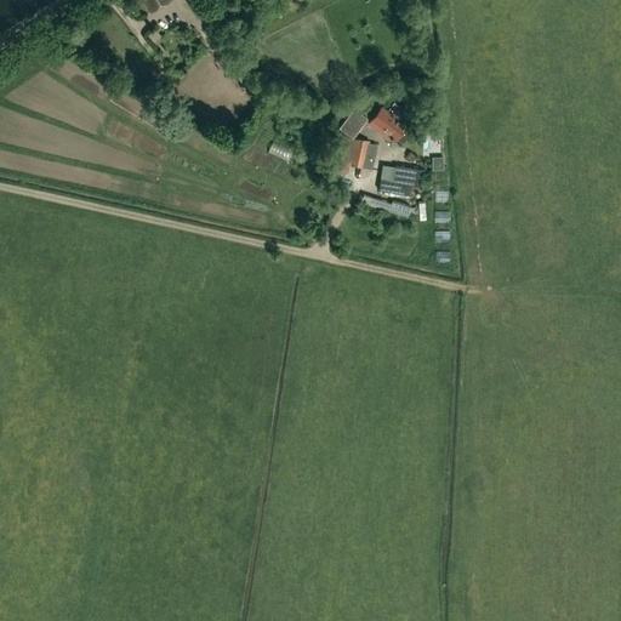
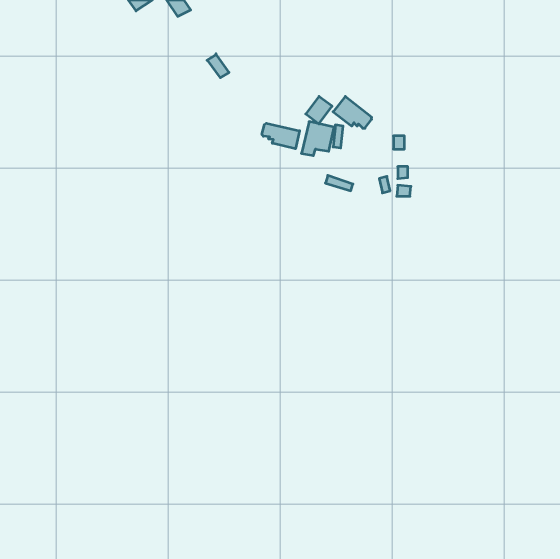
building: none -> [262,123,300,149]
building: [378,166,422,196] -> none

